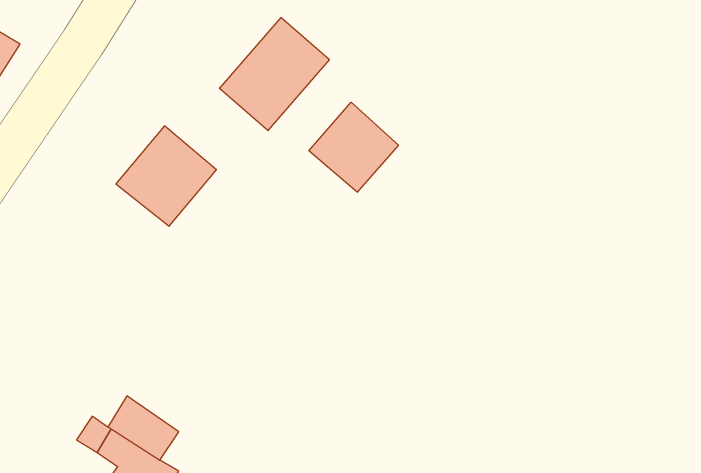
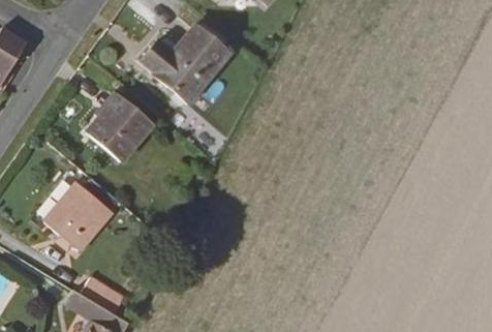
building: [309,102,398,192] -> none
building: none -> [44,182,110,248]

